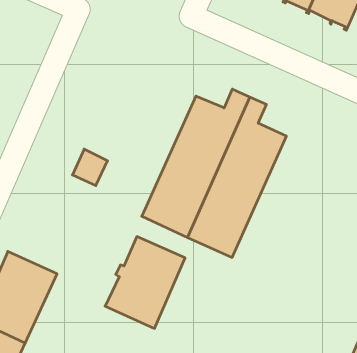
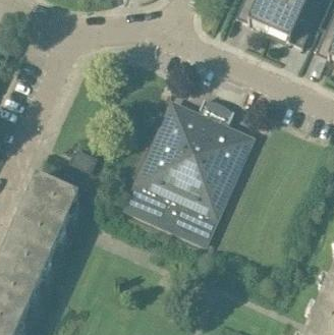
building: [105,237,185,328] -> [8,177,77,257]

